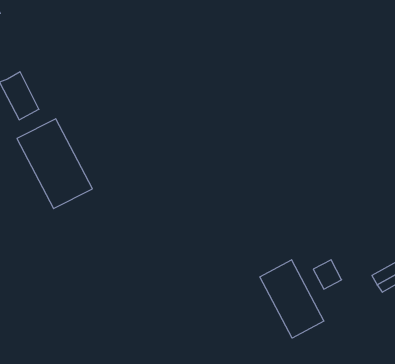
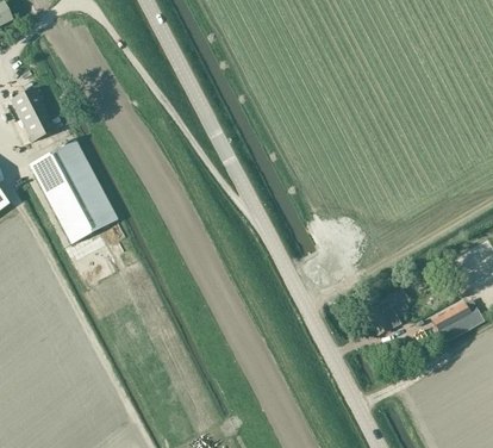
building: [260,260,324,338] -> none

